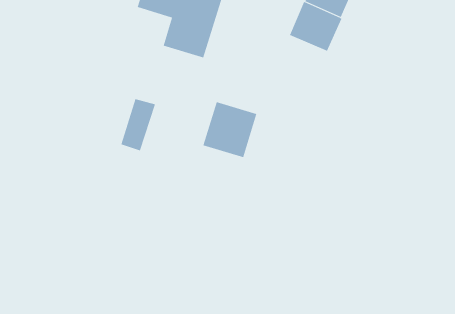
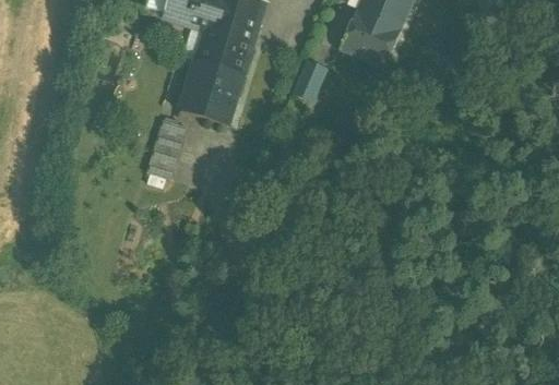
building: none -> [295,57,328,98]
building: [203,101,257,158] -> [181,58,243,122]

